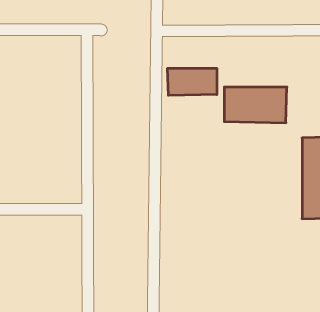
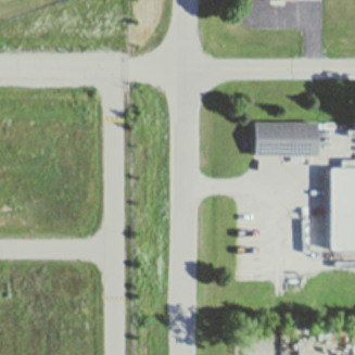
building: [168,68,217,95] -> none

